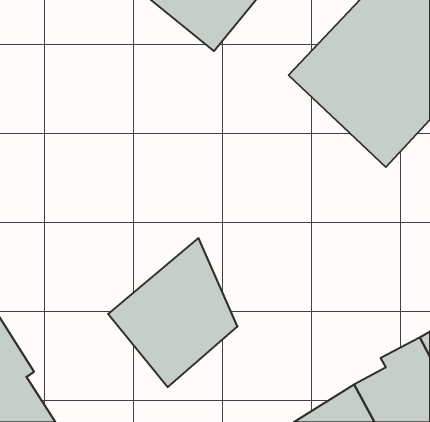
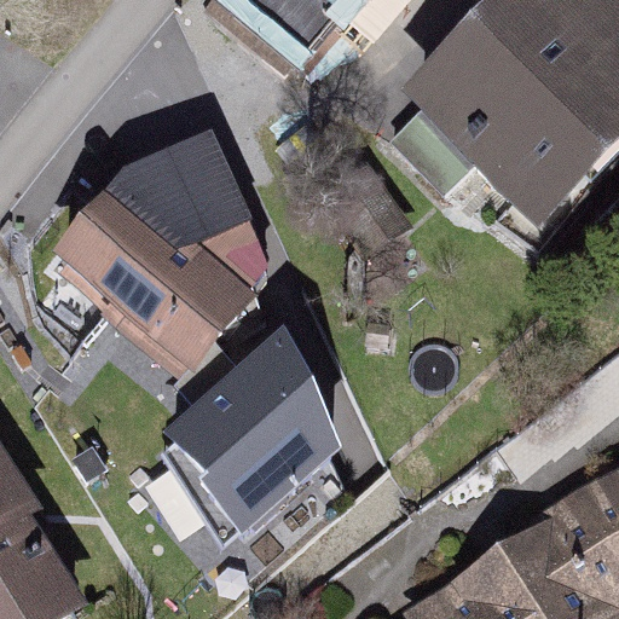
building: none -> [52,141,270,376]

